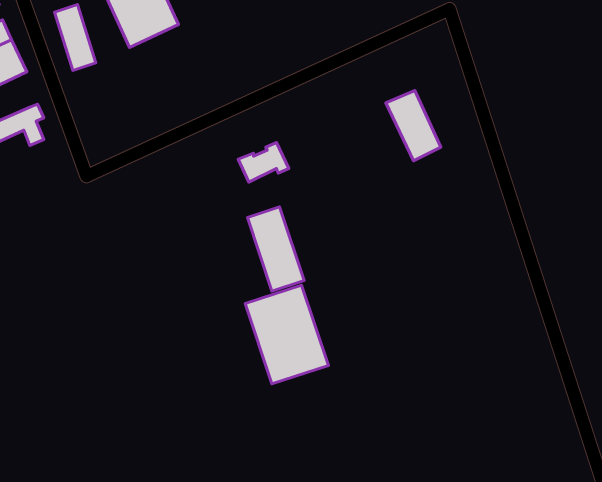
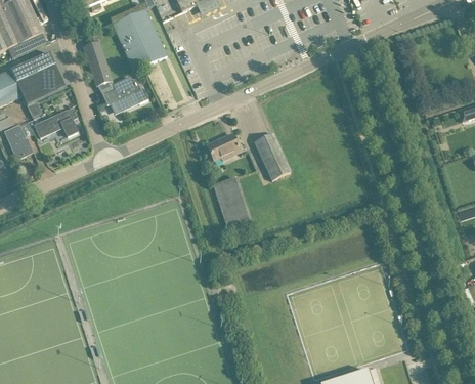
building: none -> [104,76,148,109]
building: [386,90,441,161] -> [254,132,291,179]
building: [245,285,328,384] -> none

